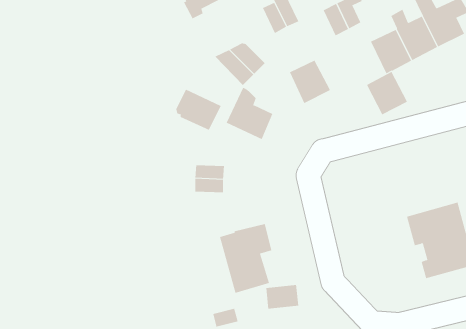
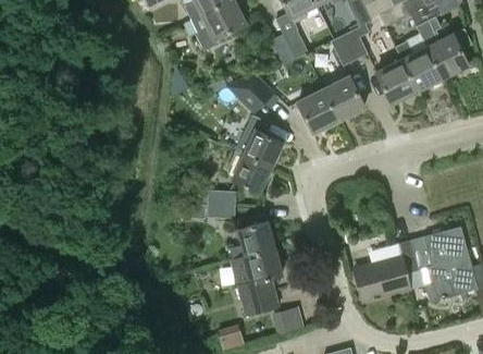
building: [366,71,408,115] -> [323,76,363,119]
building: [175,89,222,131] -> [227,150,272,191]
building: none -> [237,220,275,255]
building: none -> [354,241,419,303]

